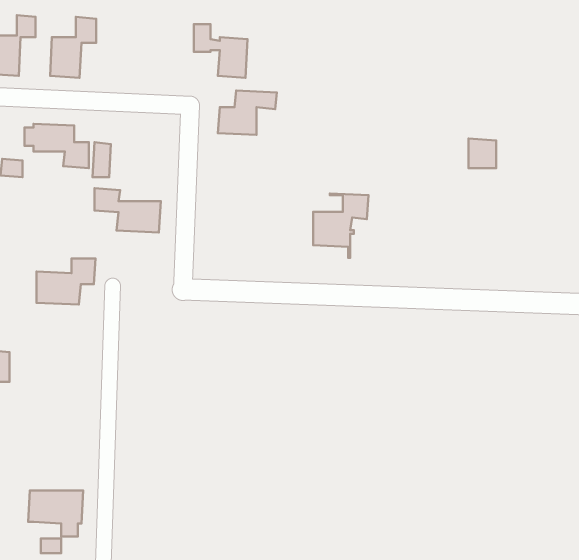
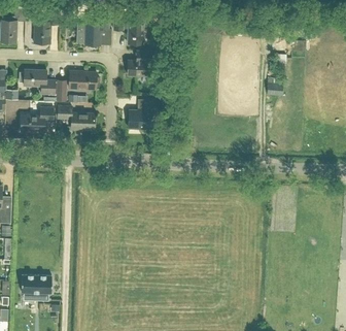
building: none -> [77,15,109,46]
building: none -> [69,72,99,90]
building: [313,193,369,258] -> [128,100,159,136]
building: [37,259,96,305] -> [21,107,54,133]

